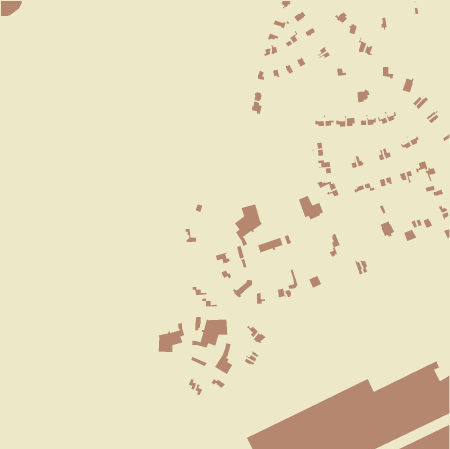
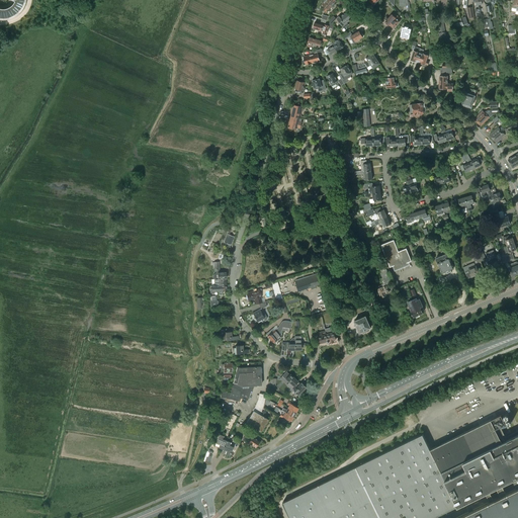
building: [298,195,324,220] -> [381,241,412,270]
building: [234,203,263,247] -> none
building: [158,323,185,353] -> none

